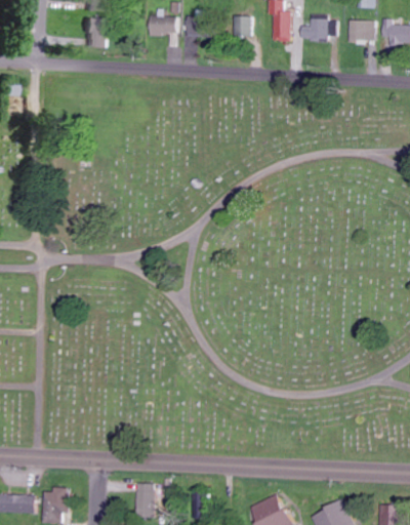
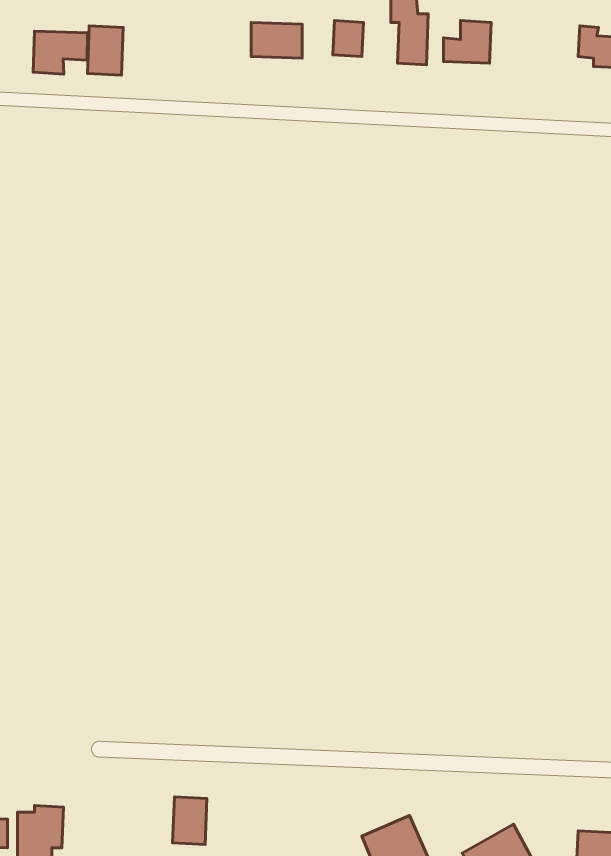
building: [148,16,174,46] -> none
building: [346,21,374,41] -> none
building: none -> [33,31,88,74]

